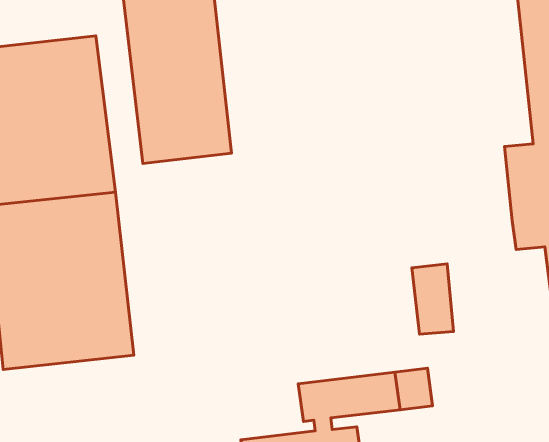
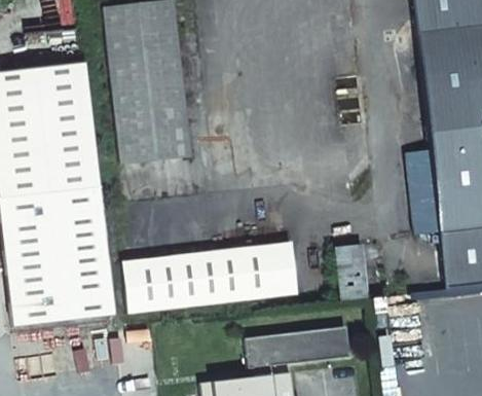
building: none -> [120,241,297,313]

